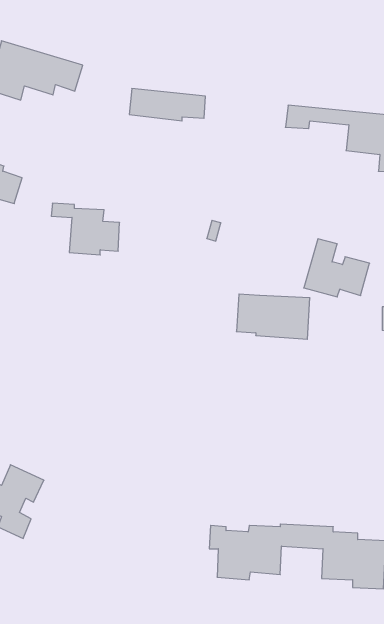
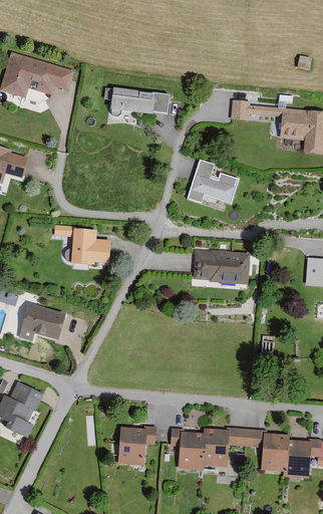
building: [51,203,120,255] -> [53,225,106,265]
building: [304,239,370,297] -> [193,159,244,204]
building: none -> [17,304,63,343]
building: none -> [117,426,155,466]

